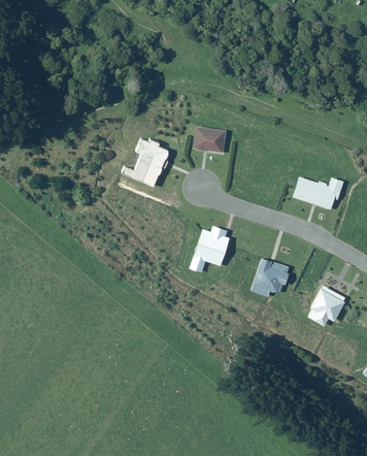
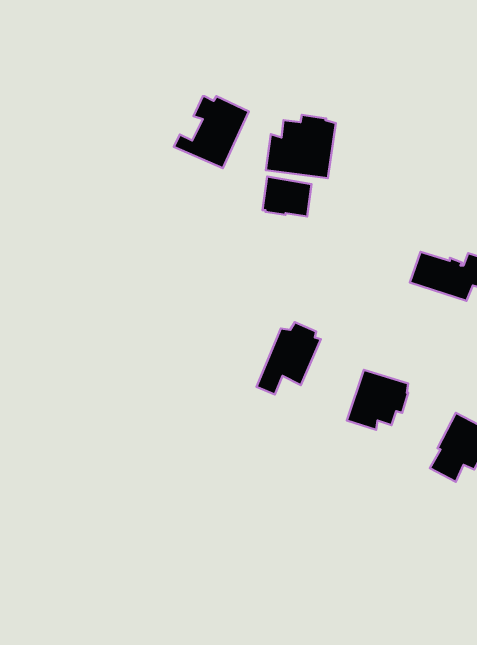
building: none -> [266,115,336,178]
building: [122,138,172,187] -> [174,96,249,168]

